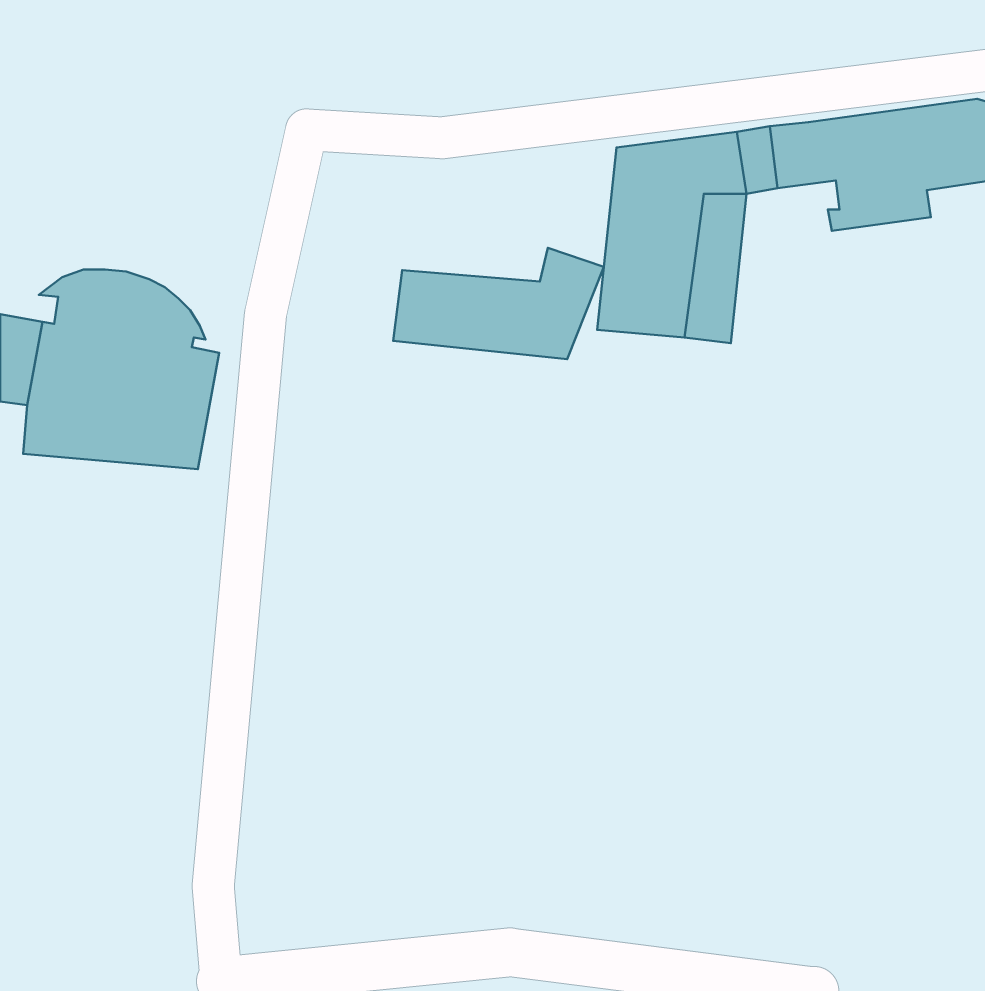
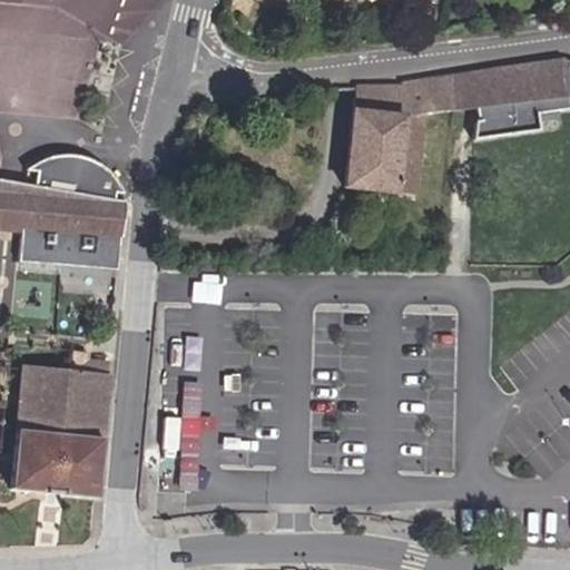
building: [393,248,604,359] -> none
building: none -> [11,353,109,498]

